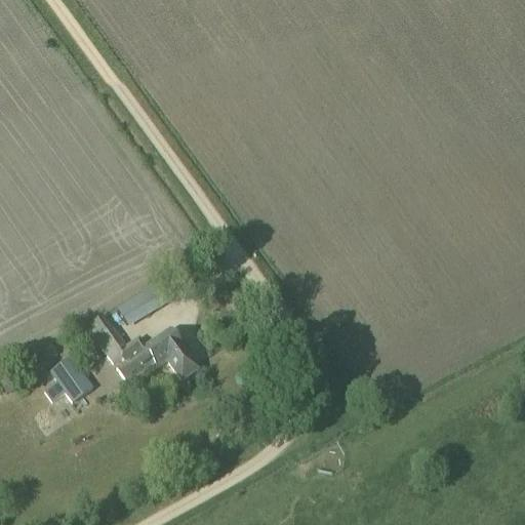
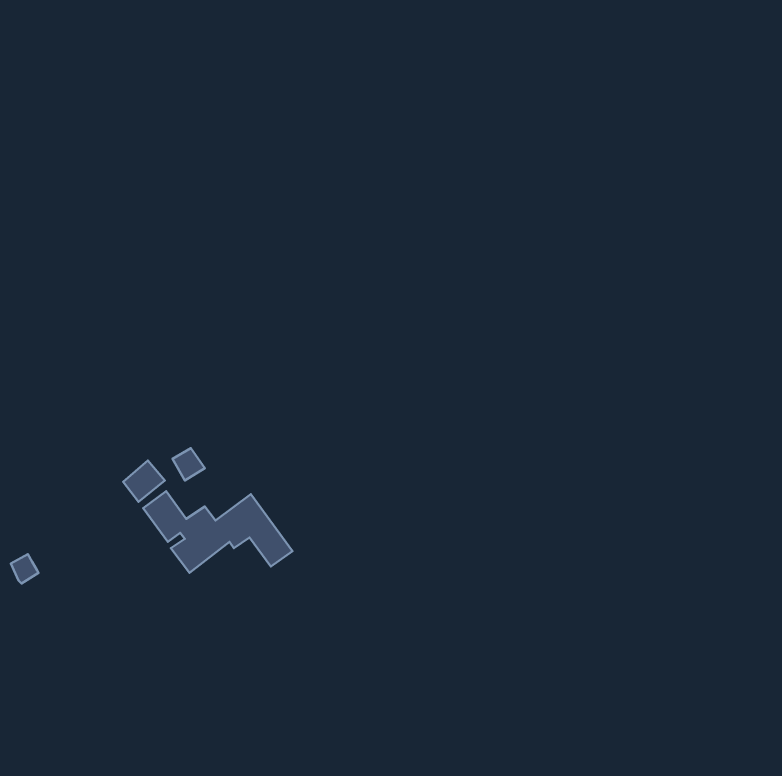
building: [46,354,95,401] -> none

